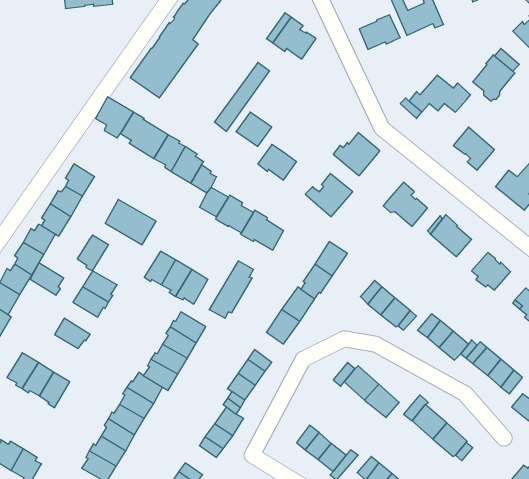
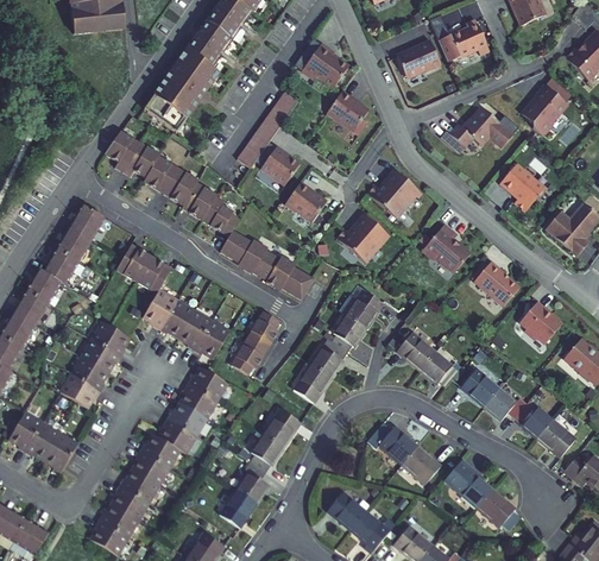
building: none -> [326,92,368,134]
building: [77,235,109,271] -> [143,289,177,328]
building: [30,263,64,295] -> [71,355,108,391]

